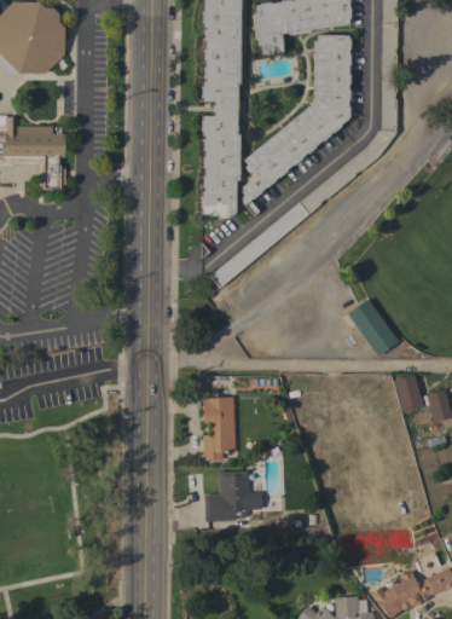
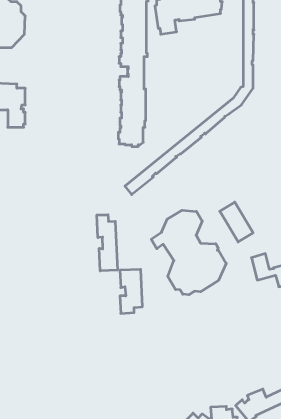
building: [242,35,350,216] -> none
building: none -> [151,210,226,295]
building: none -> [97,215,117,271]
building: [205,470,250,521] -> none

